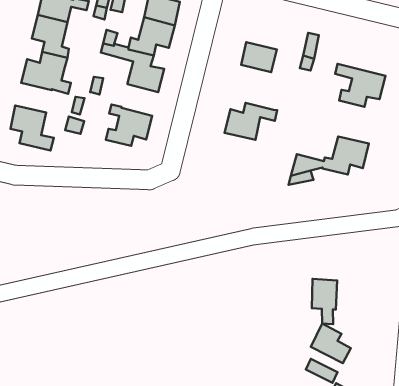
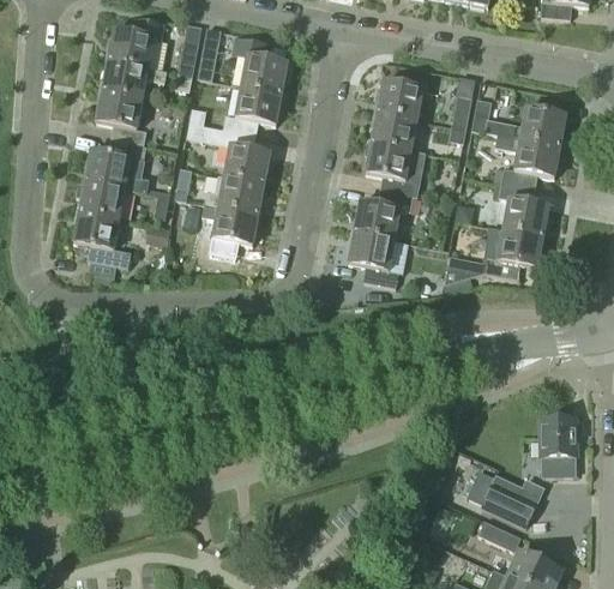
building: none -> [375,82,422,120]
building: none -> [470,100,565,146]
building: none -> [365,143,425,199]
building: none -> [78,182,125,220]
building: none -> [204,175,264,216]
building: none -> [499,182,549,236]
building: none -> [349,233,398,287]
building: [312,279,337,324] -> [541,417,573,475]

